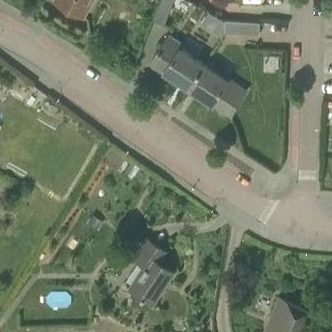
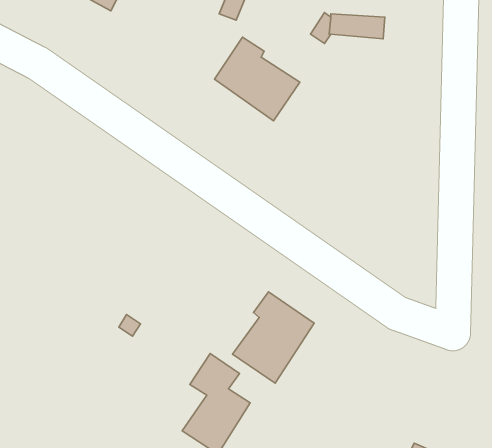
building: [188,65,245,116] -> none
building: none -> [232,292,314,383]

